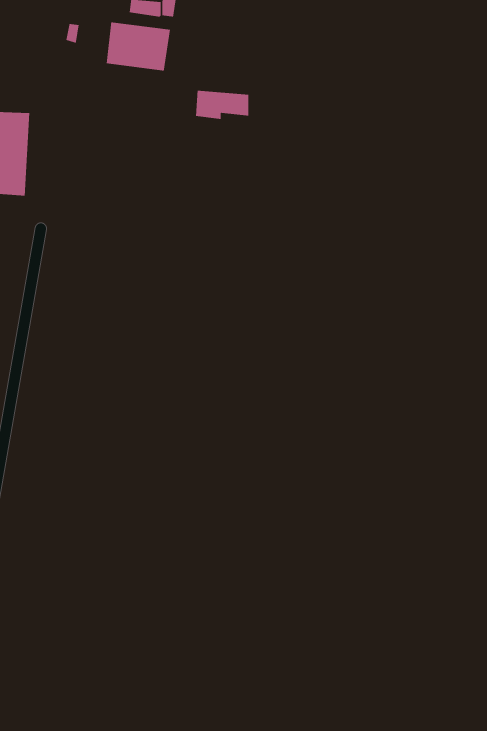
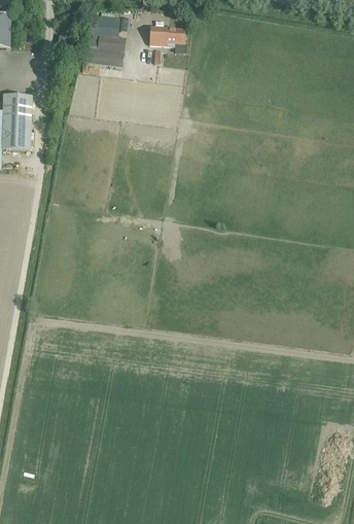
building: [195,90,249,119] -> [148,27,184,46]

